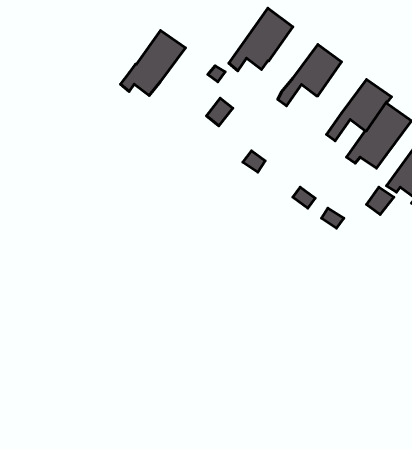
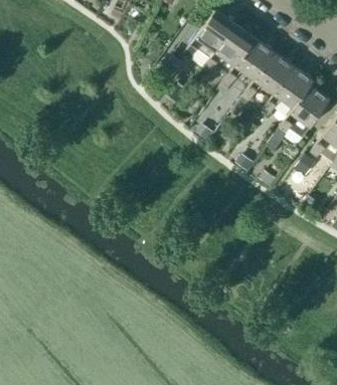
building: [120,30,185,95] -> [205,24,258,76]
building: none -> [244,52,297,102]

